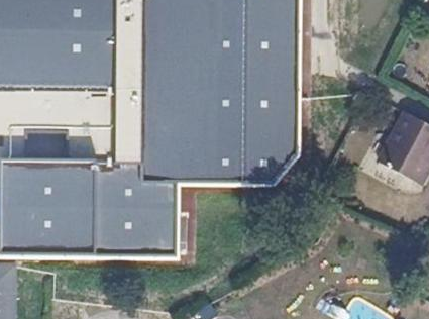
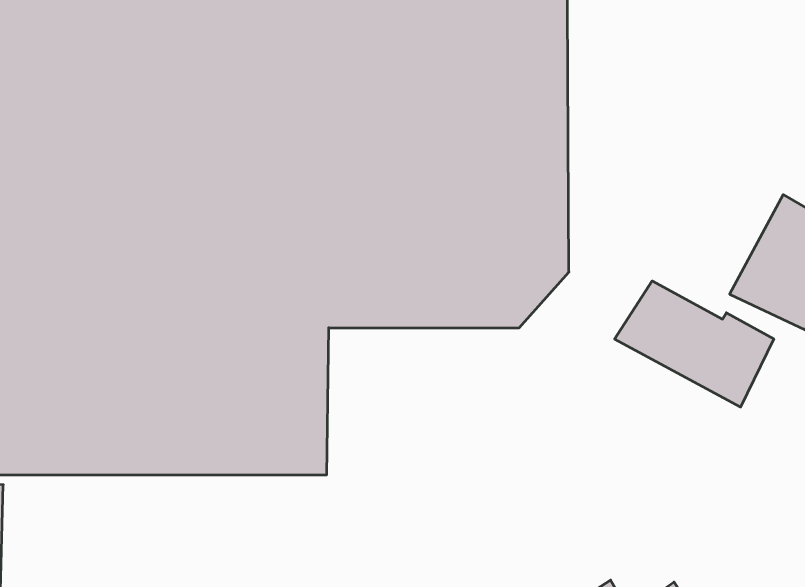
building: none -> [615,281,774,407]

